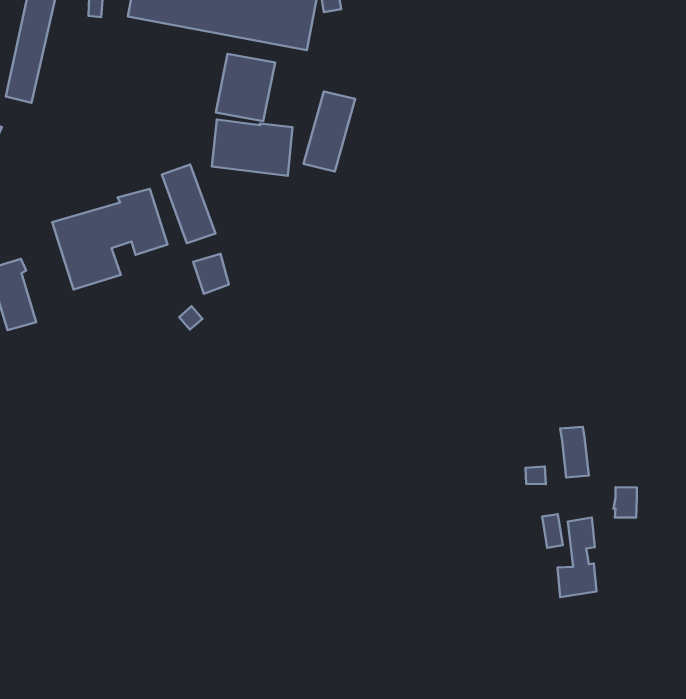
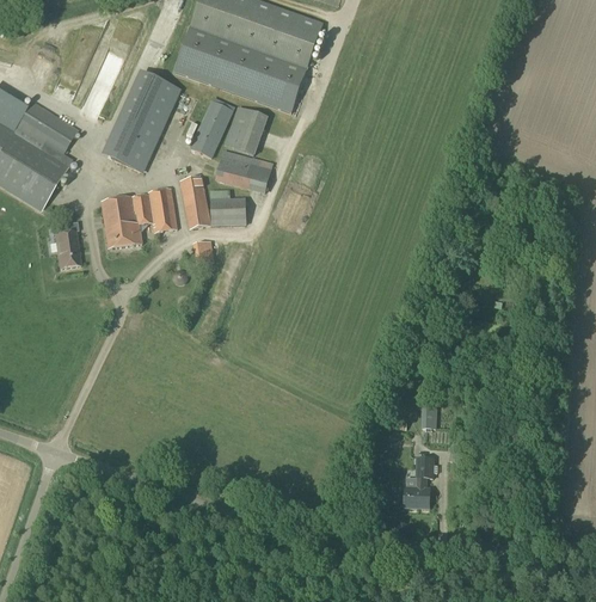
building: none -> [102,69,182,172]
building: [303,91,355,171] -> [191,100,233,155]
building: none -> [210,196,247,226]

